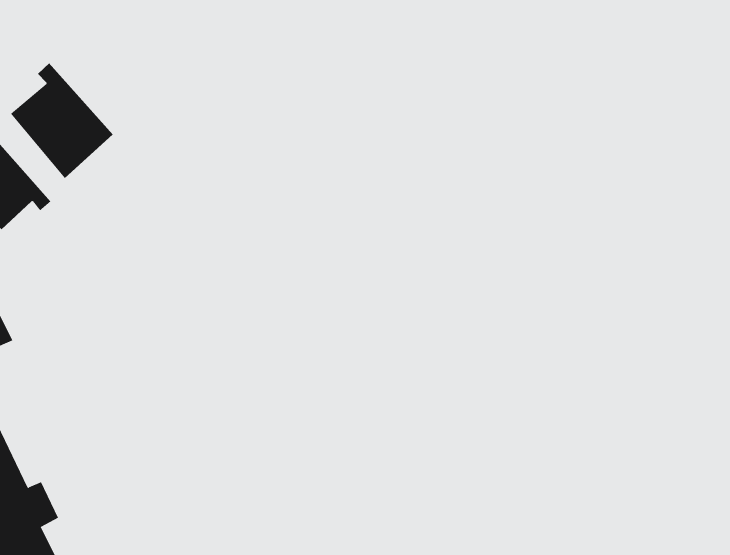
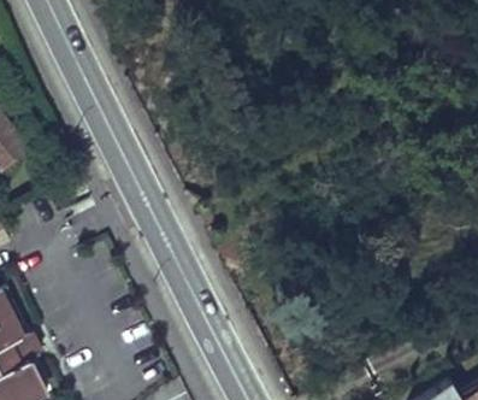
building: [10,62,114,179] -> none

